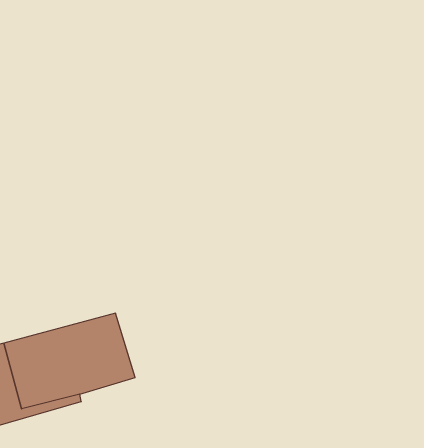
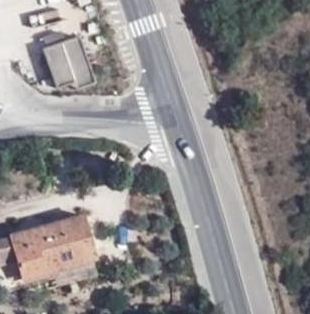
building: none -> [43,35,94,89]

